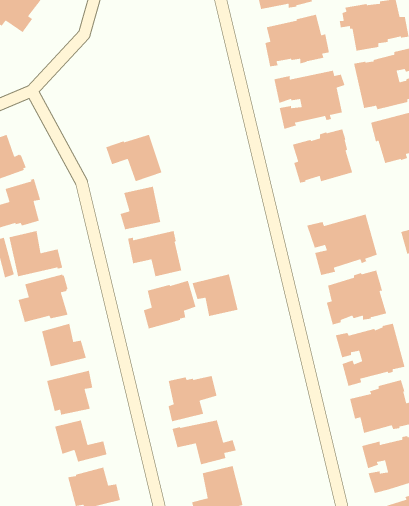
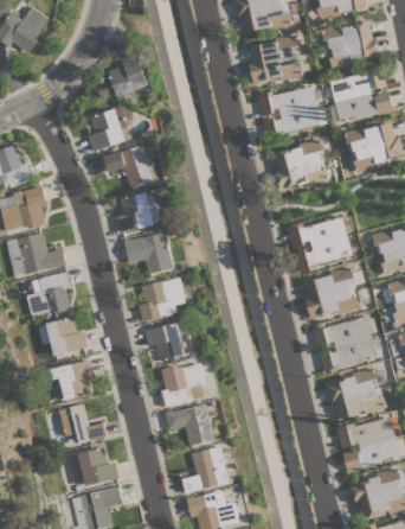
building: none -> [109,51,149,95]
building: none -> [89,106,128,151]
building: [192,274,239,317] -> [144,321,187,361]

